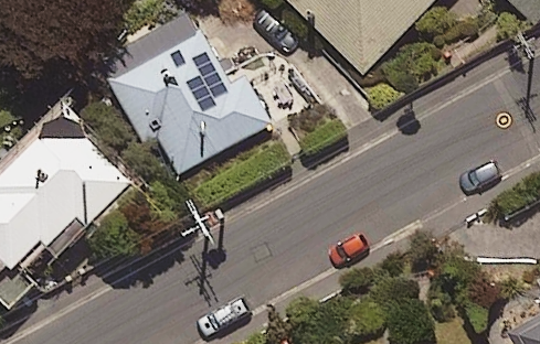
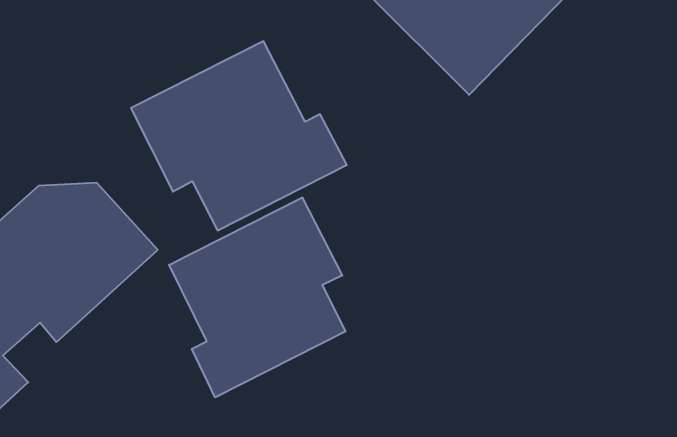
building: none -> [169,197,345,397]

